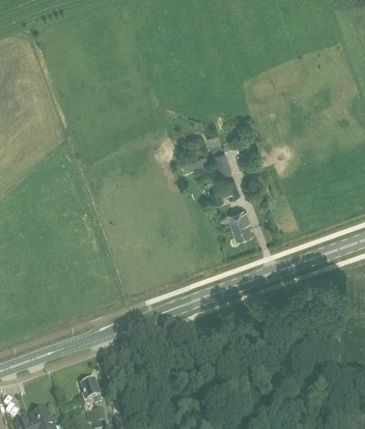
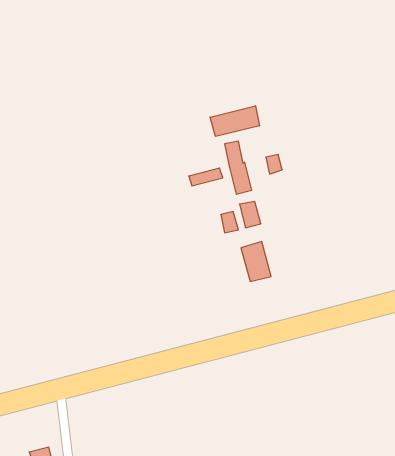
building: none -> [210,106,259,136]

